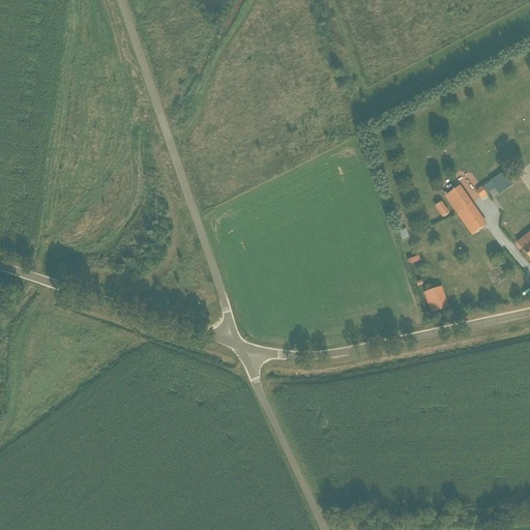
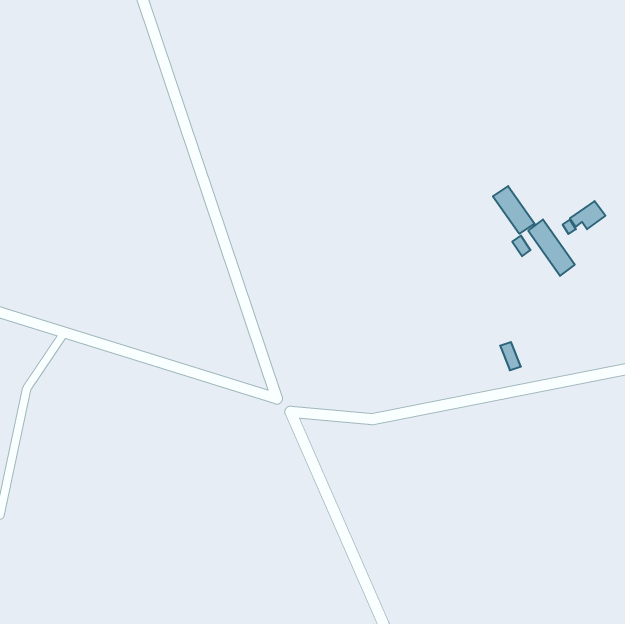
building: none -> [493,186,535,234]

